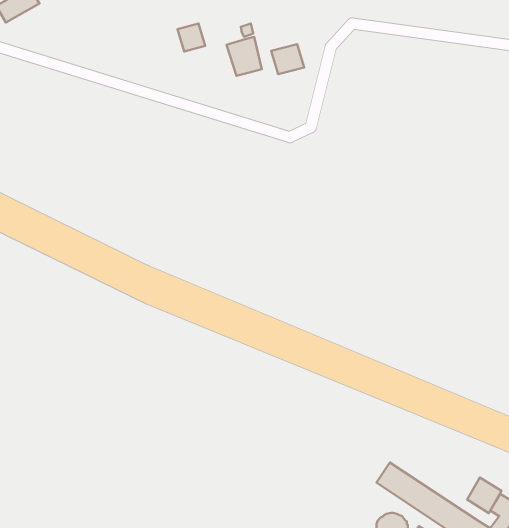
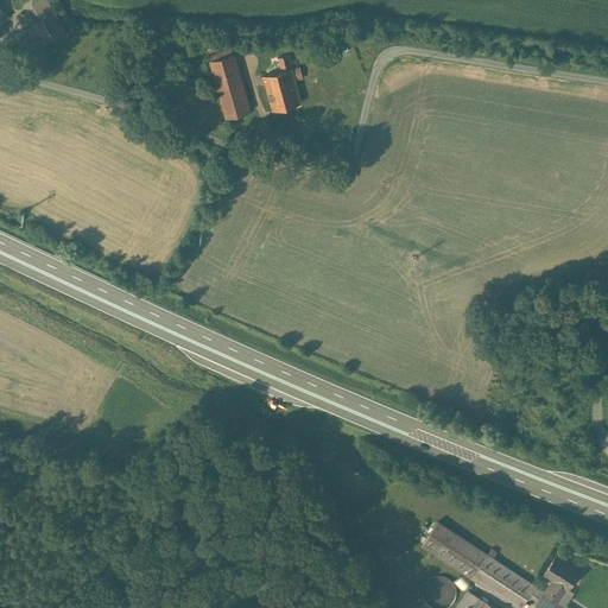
building: [271,44,304,74] -> none
building: none -> [217,80,249,119]
building: [467,477,502,513] -> none

